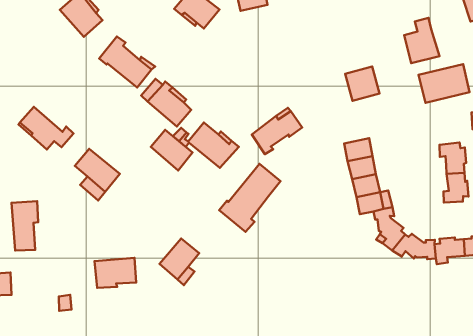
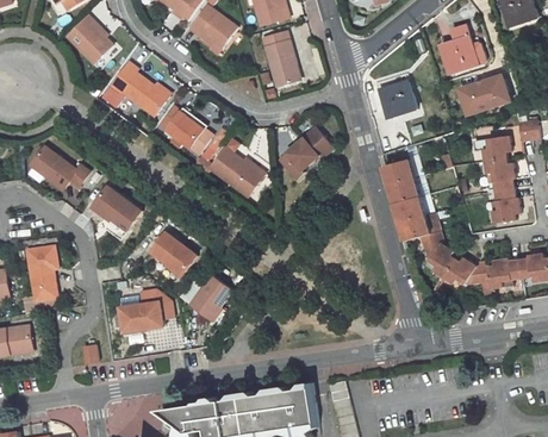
building: none -> [262,36,297,88]
building: none -> [472,135,510,160]
building: [151,130,192,171] -> [151,235,197,277]
building: [219,164,281,232] -> none

